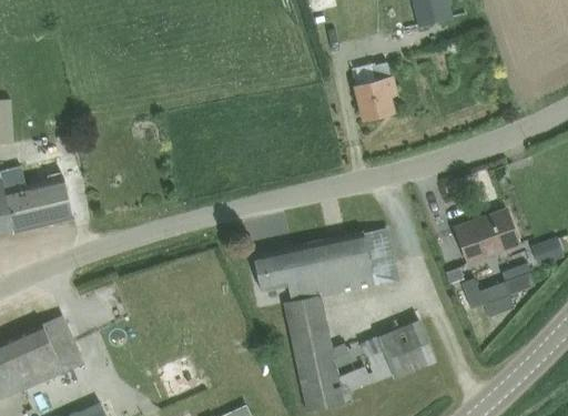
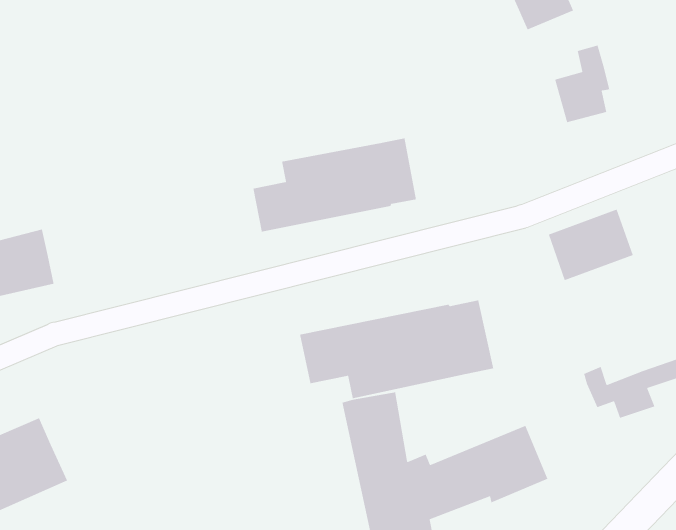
building: [354,62,395,120] -> [554,44,610,123]
building: none -> [253,138,417,233]
building: [455,210,518,263] -> [548,209,634,281]

